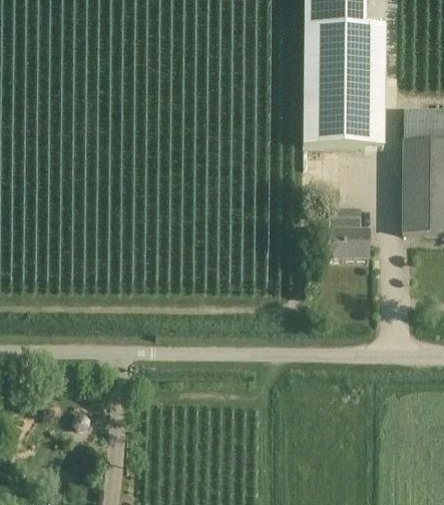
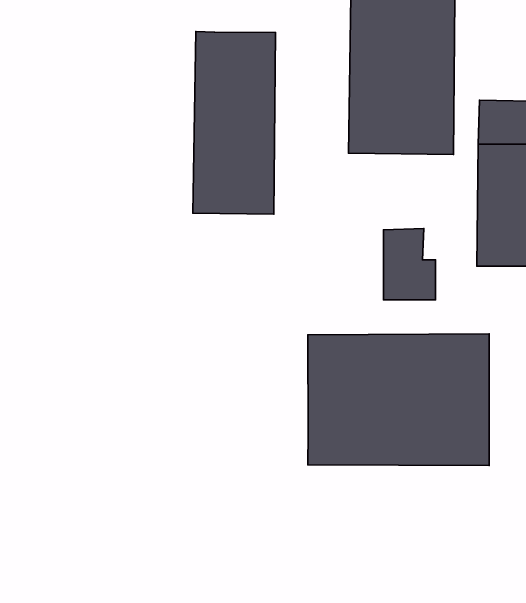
building: none -> [193,31,275,214]
building: none -> [308,334,489,466]

